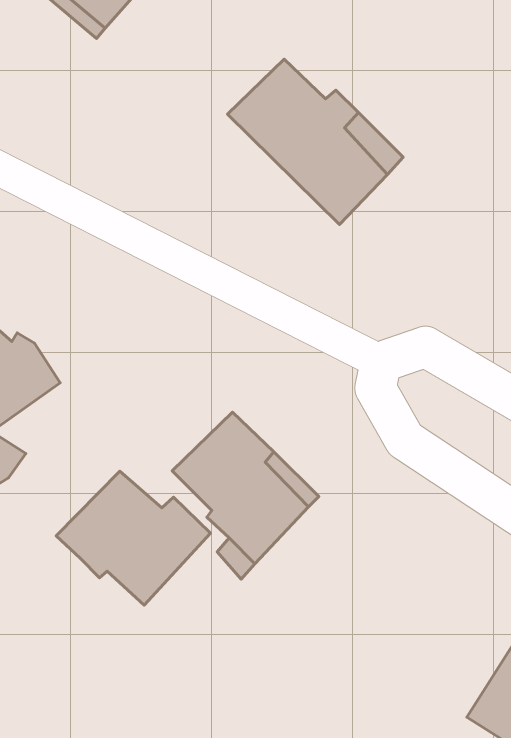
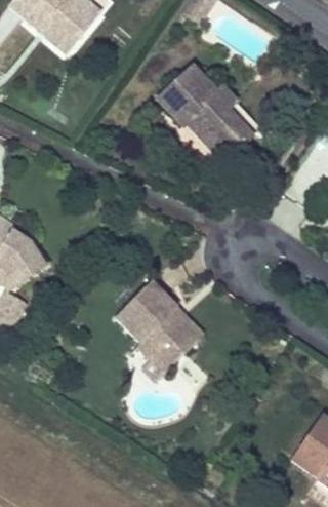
building: [56,471,210,605] -> none

